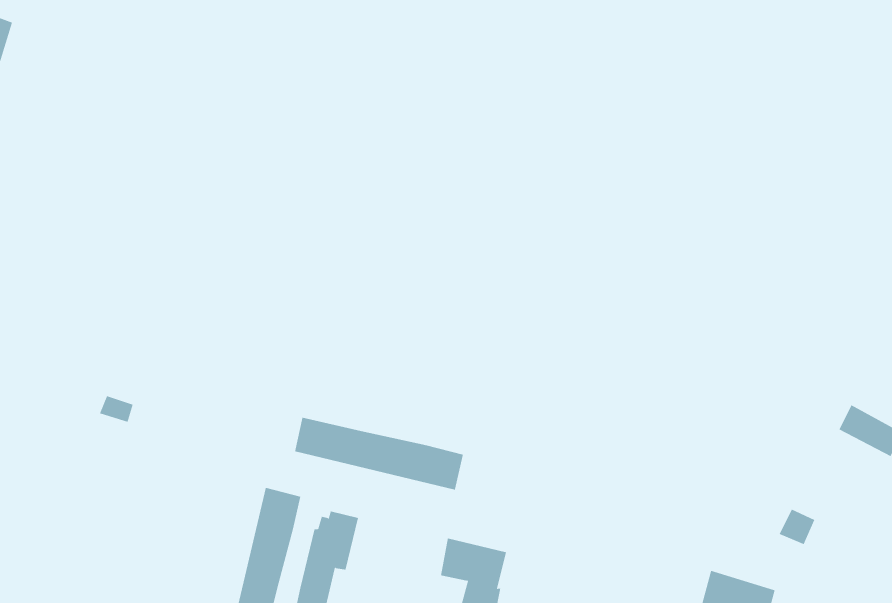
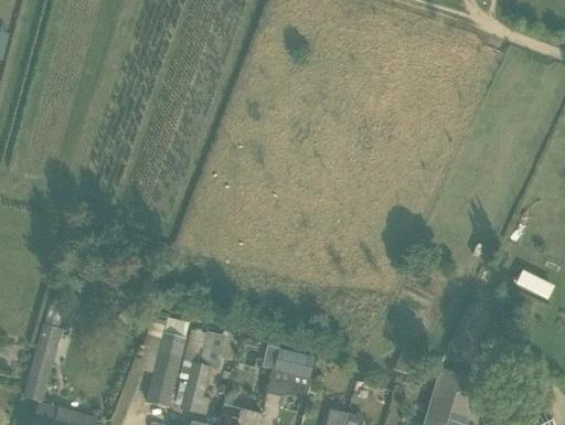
building: [295,417,464,491] -> none
building: none -> [28,323,60,384]

